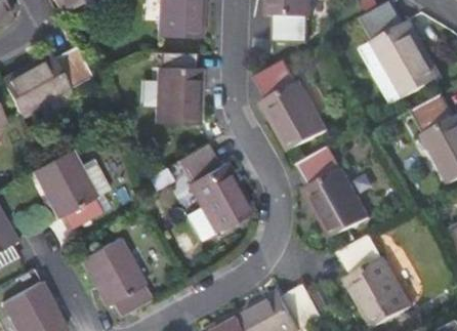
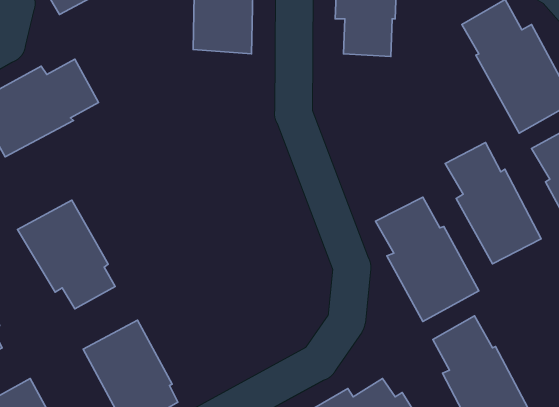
building: [159,55,204,128] -> none
building: [253,63,324,152] -> [445,143,541,264]
building: [179,144,252,231] -> none

